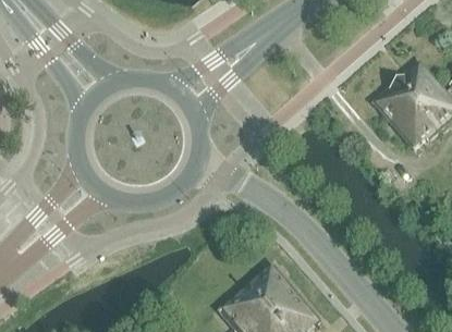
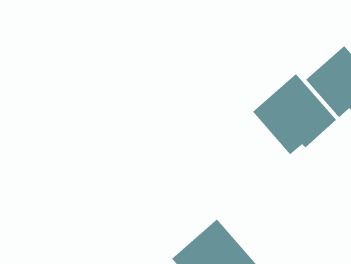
building: none -> [252,73,337,155]

